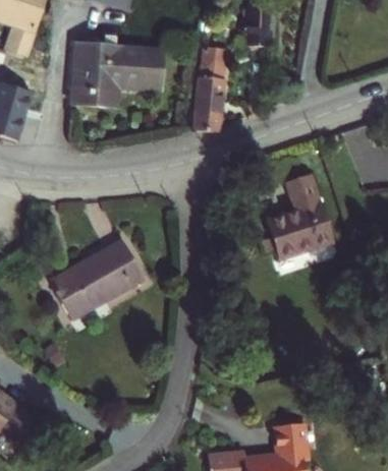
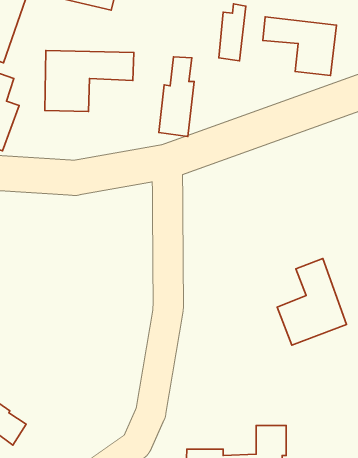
building: none -> [263,17,337,75]
building: [267,167,335,252] -> [277,258,347,345]
building: [44,243,136,318] -> none

